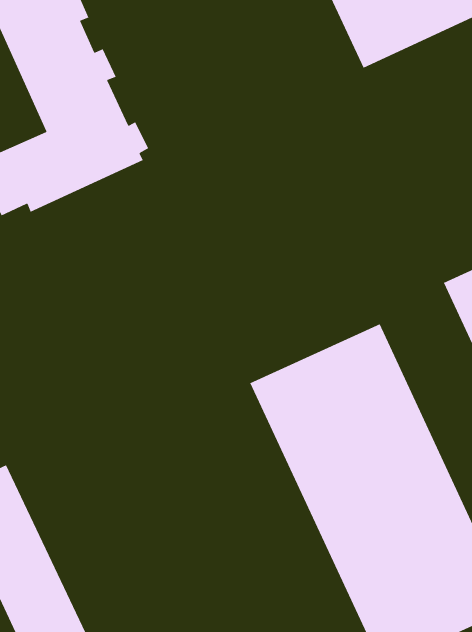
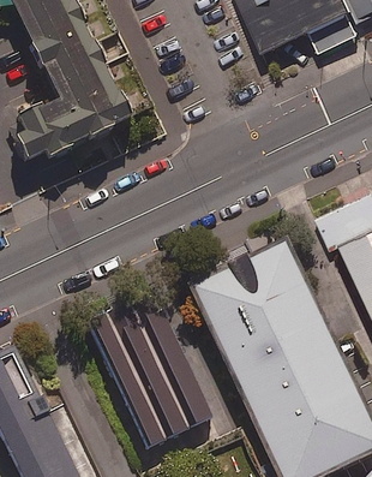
building: none -> [97,302,217,446]

